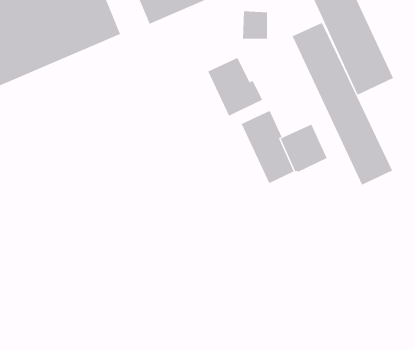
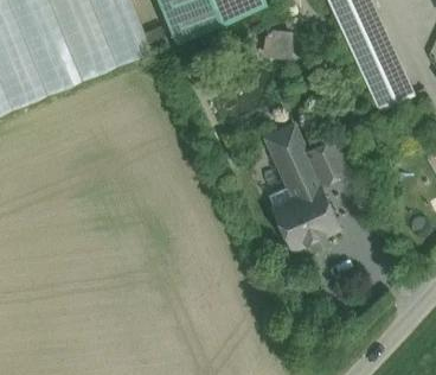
building: [292,22,393,186] -> none
building: [208,57,263,117] -> none
building: none -> [270,184,340,250]

